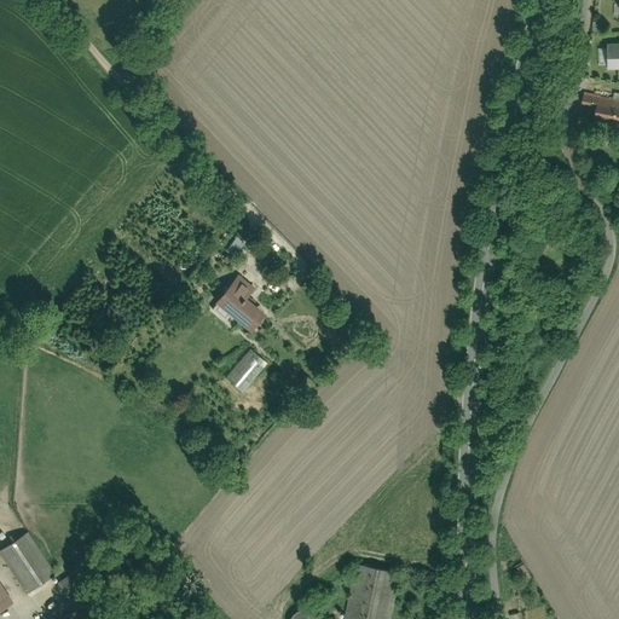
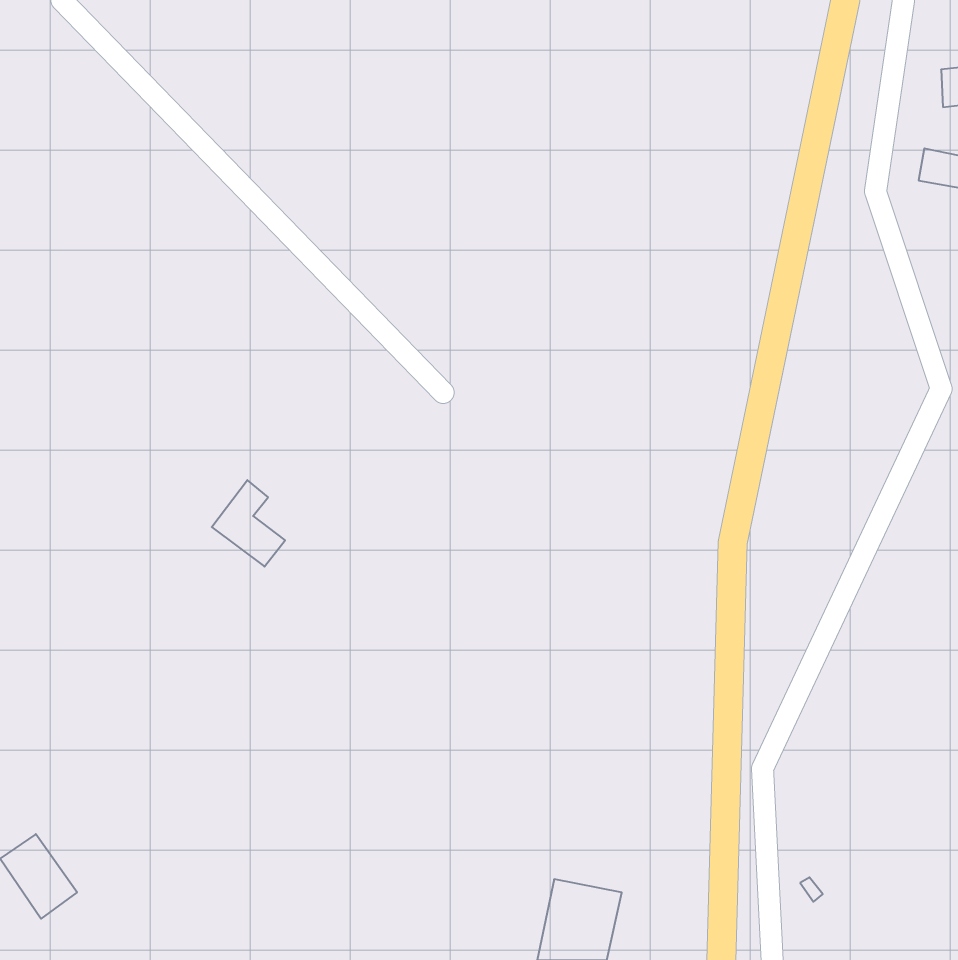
building: [214,274,261,330] -> [212,480,285,567]
building: [228,351,267,391] -> none

